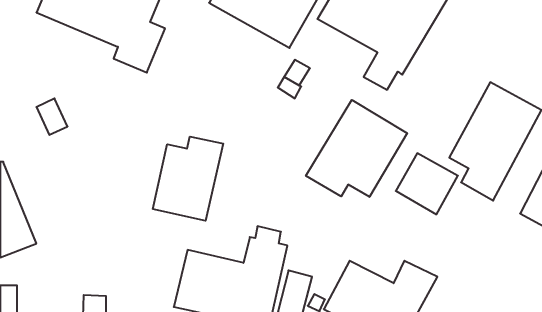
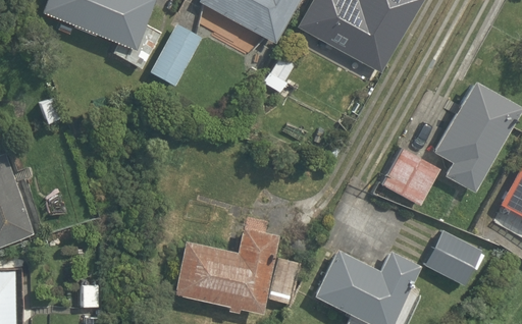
building: none -> [152,25,205,89]
building: [306,100,407,197] -> none
building: [153,137,223,221] -> none
building: none -> [421,229,478,284]

